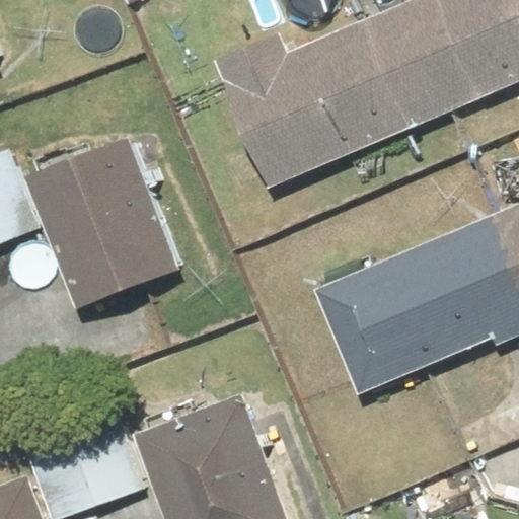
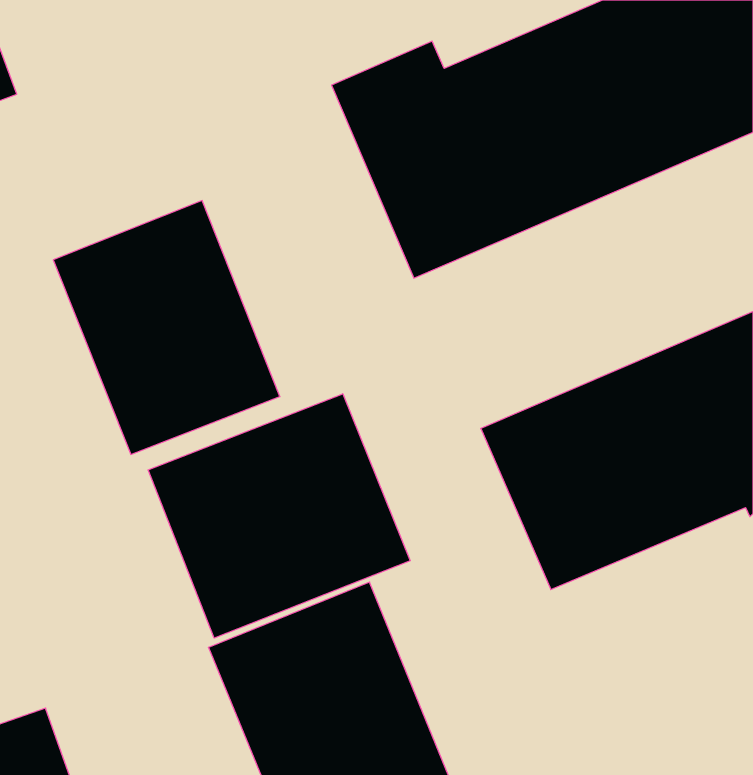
building: none -> [148,394,410,638]

